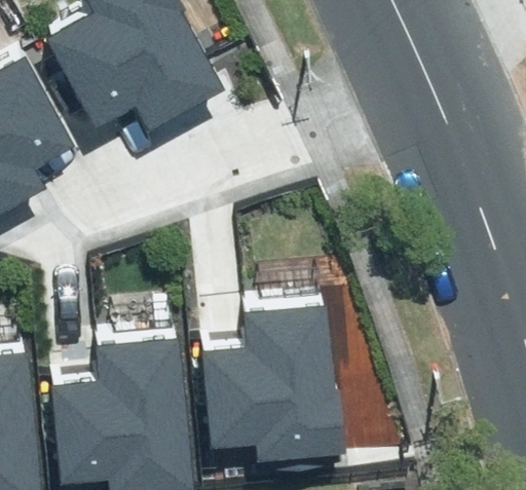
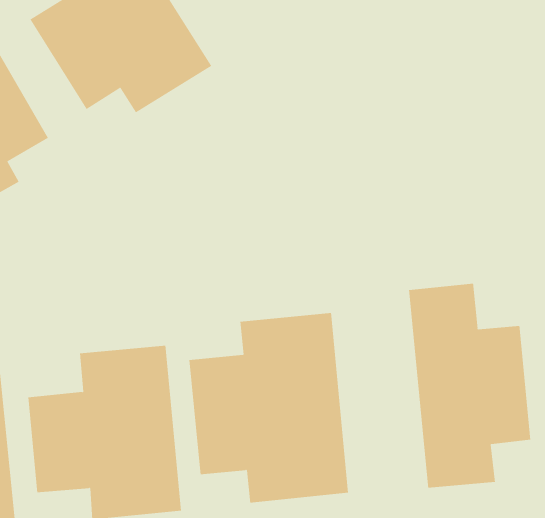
building: none -> [408,283,531,489]

